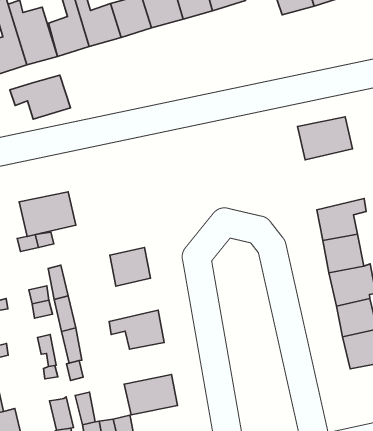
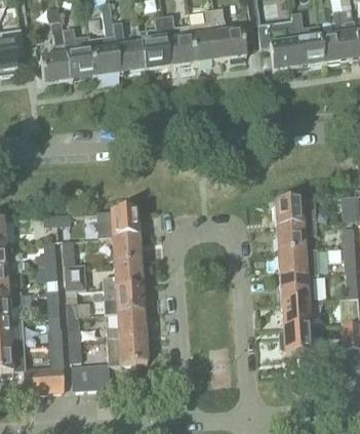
building: [10,75,71,119] -> none
building: [297,117,353,160] -> [275,196,315,225]
building: [19,192,76,236] -> [98,207,139,237]
building: none -> [103,259,143,287]
building: none -> [107,310,146,338]

